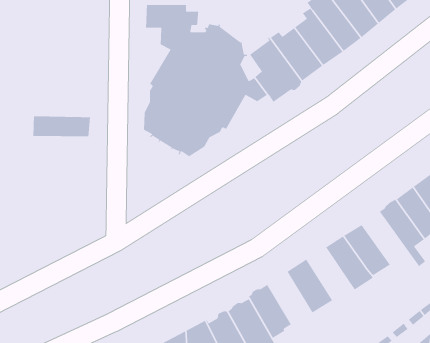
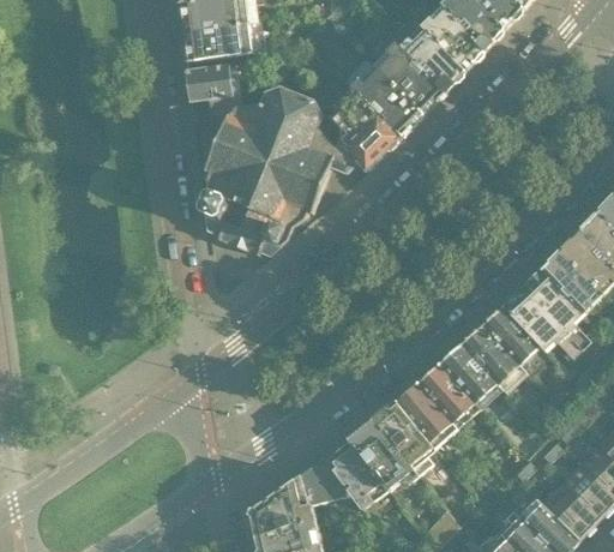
building: [32,116,91,137] -> none
building: none -> [501,289,582,361]
building: none -> [438,344,502,410]
building: none -> [393,383,456,450]

